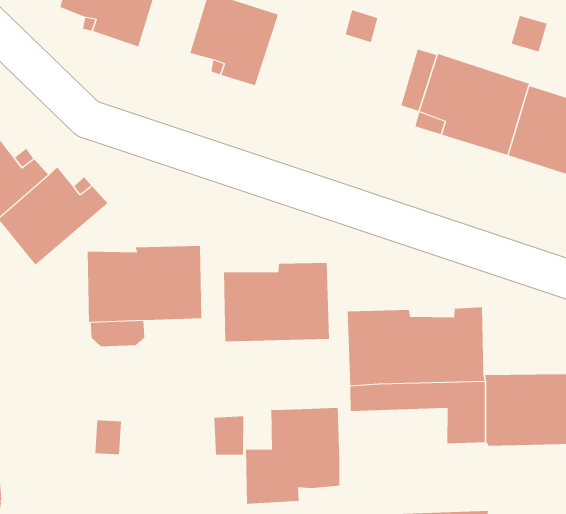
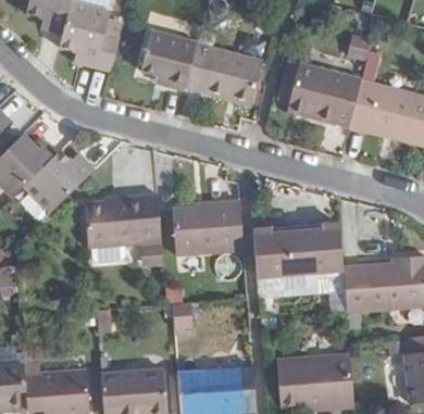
building: none -> [187,45,262,106]
building: [245,407,340,505] -> none

